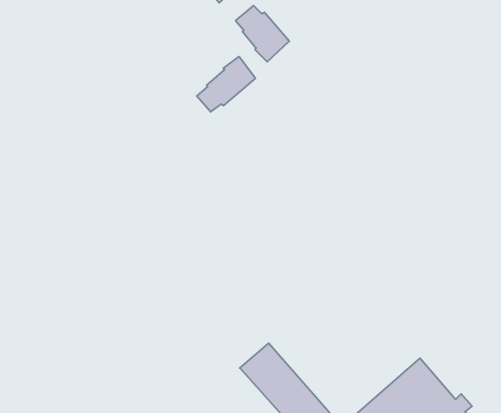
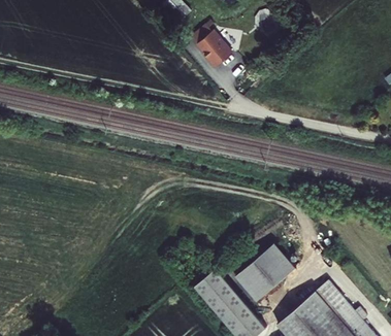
building: [197,57,255,112] -> none
building: none -> [236,246,294,303]

